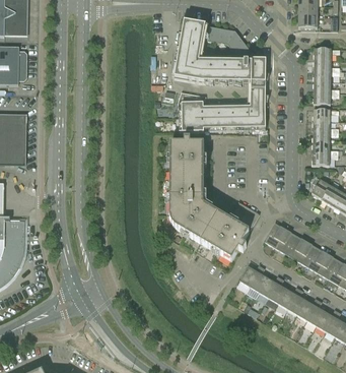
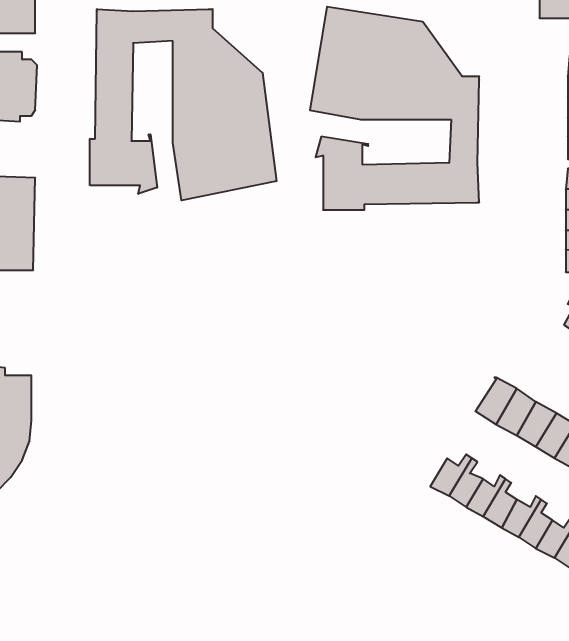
building: none -> [90,9,276,200]
building: [169,137,260,260] -> none

